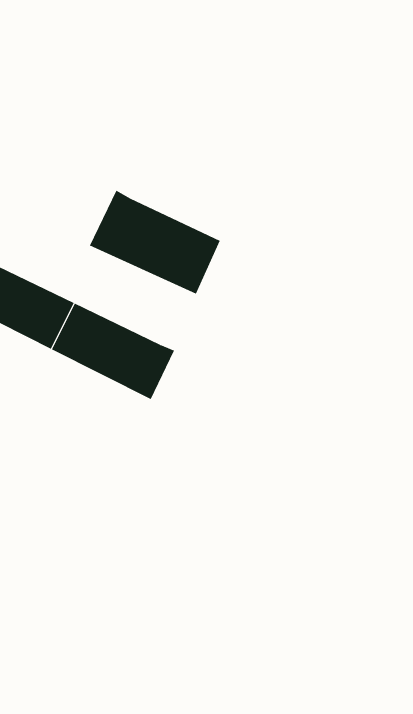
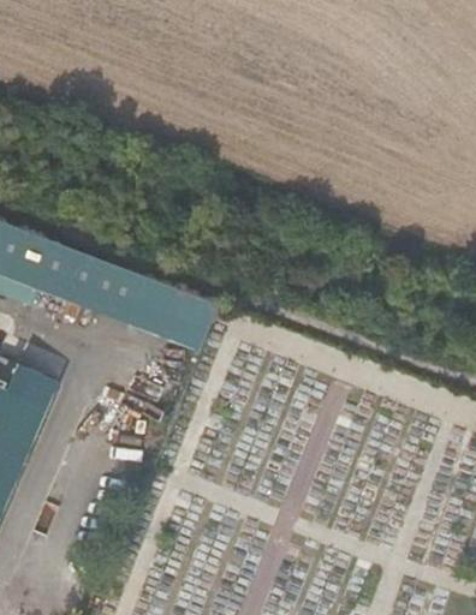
building: [89,190,221,294] -> none

